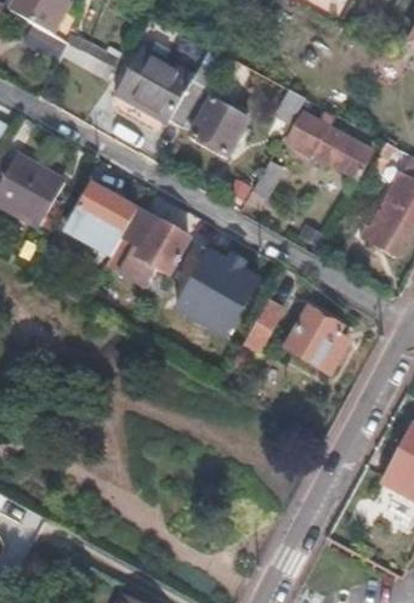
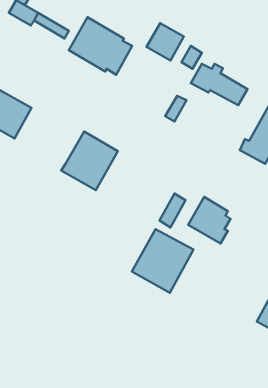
building: [193,103,246,157] -> [147,23,184,60]
building: [63,184,135,257] -> none
building: [174,245,262,336] -> [132,229,194,293]

